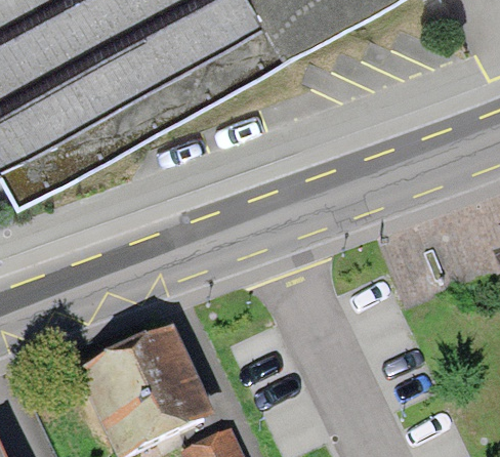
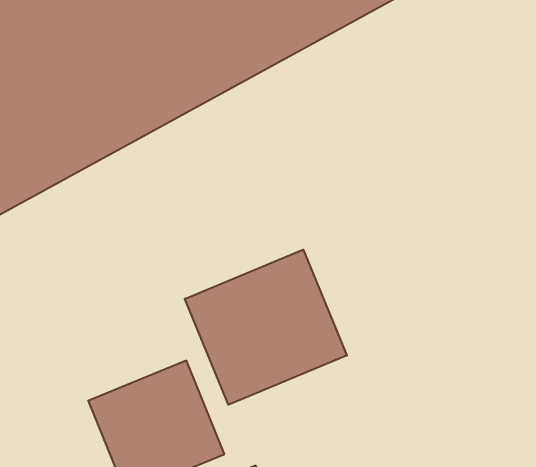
building: none -> [185,250,347,405]

